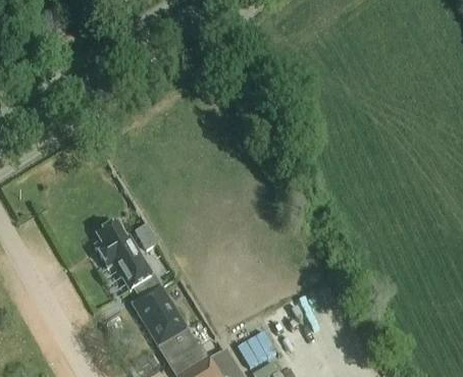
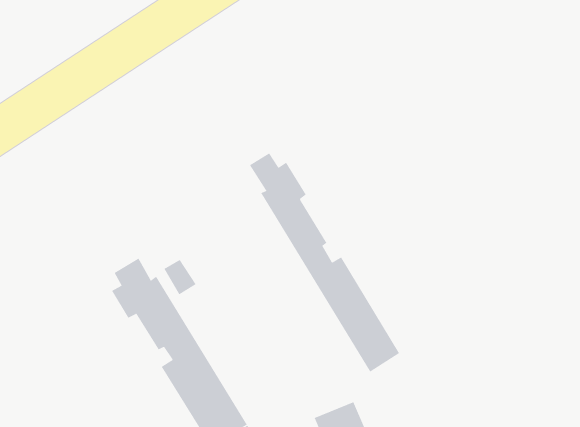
building: none -> [249,153,400,372]

